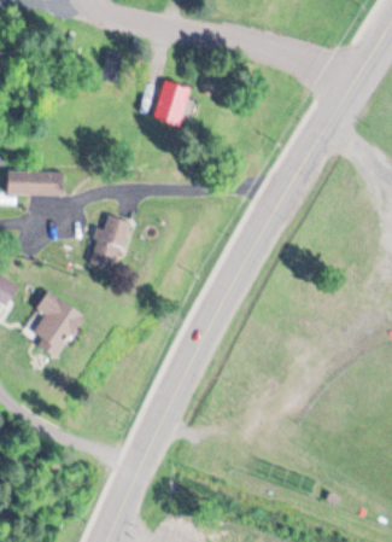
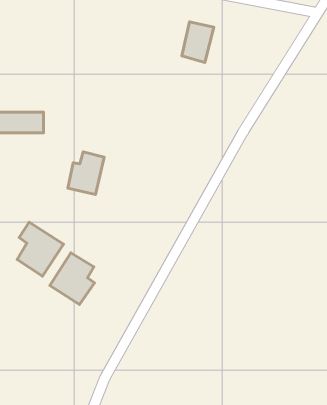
building: [156,80,191,124] -> [182,22,214,63]
building: none -> [50,253,94,305]

